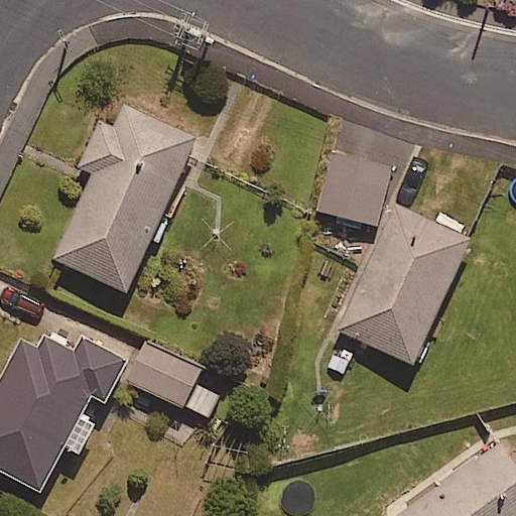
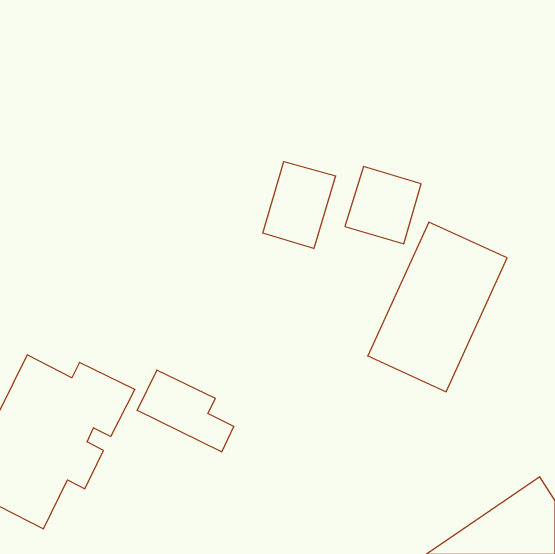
building: [54,106,195,290] -> none
building: none -> [263,162,335,249]

